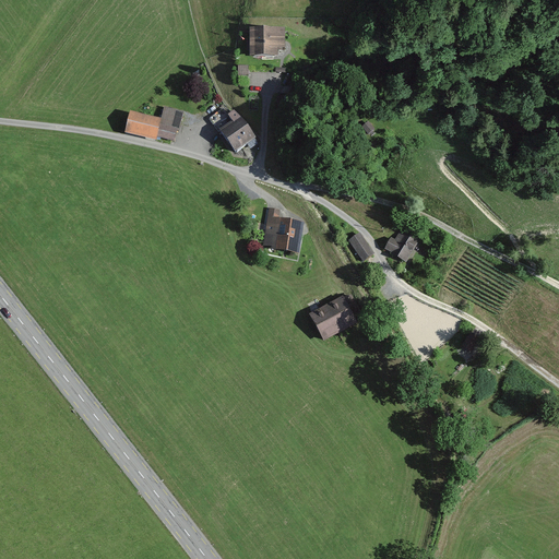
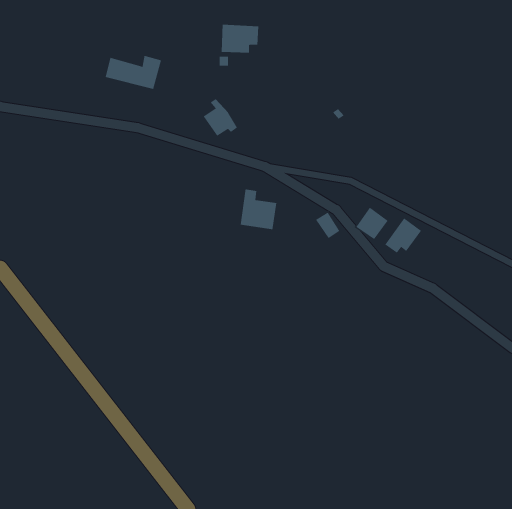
building: [120,106,182,143] -> [105,55,162,89]
building: none -> [385,217,422,254]
building: [309,295,357,337] -> none

